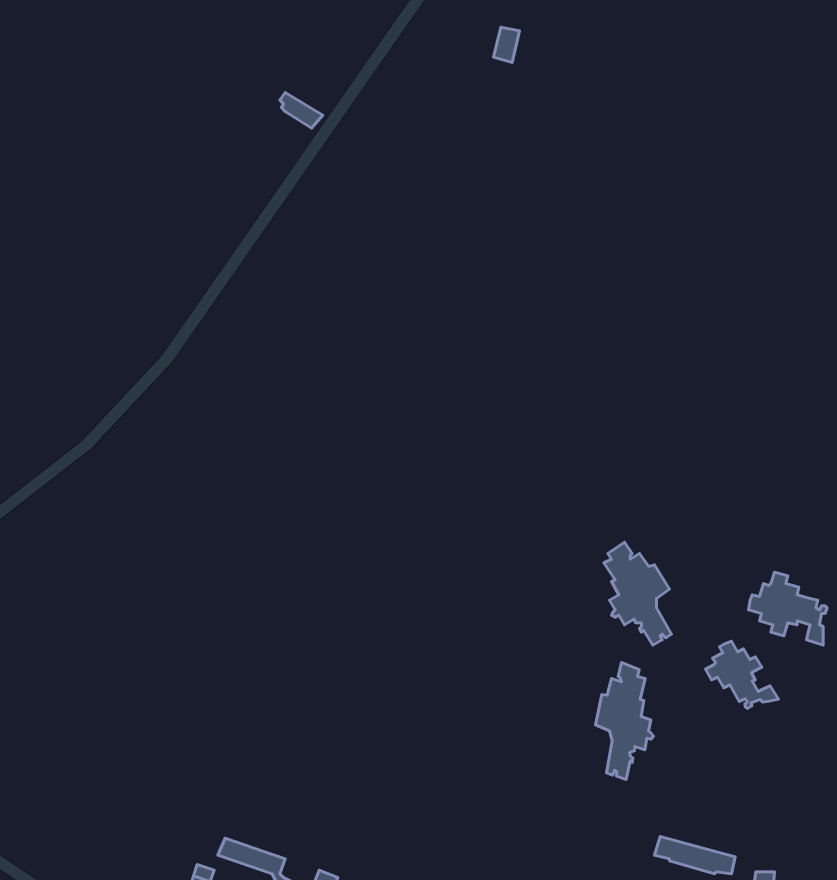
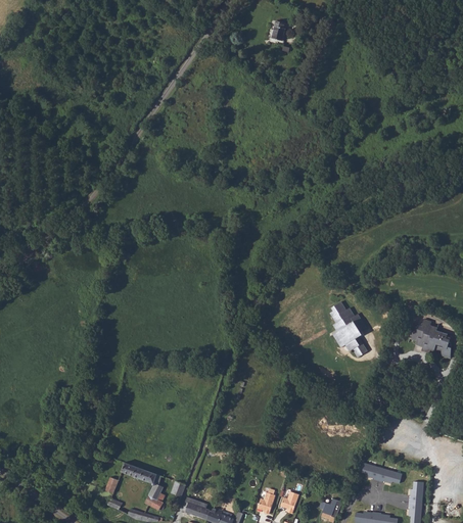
building: [705,641,779,708] -> none
building: [596,662,653,780] -> none

